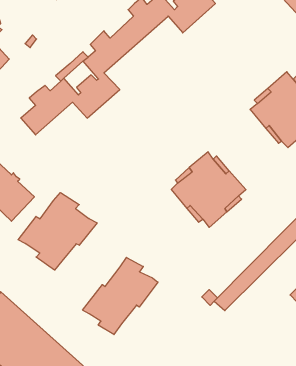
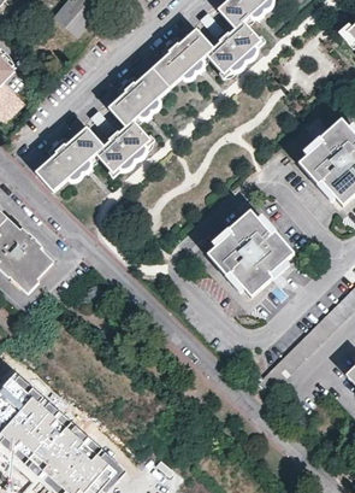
building: [18,193,97,270] -> none
building: [83,257,158,335] -> none

